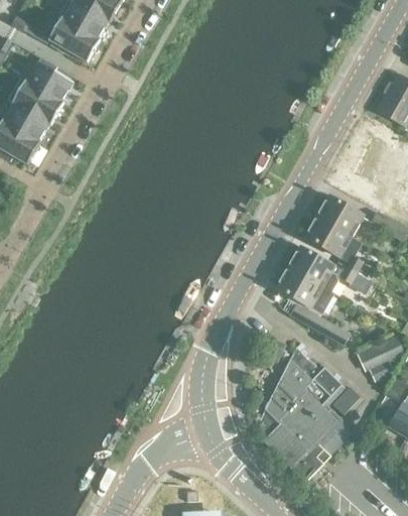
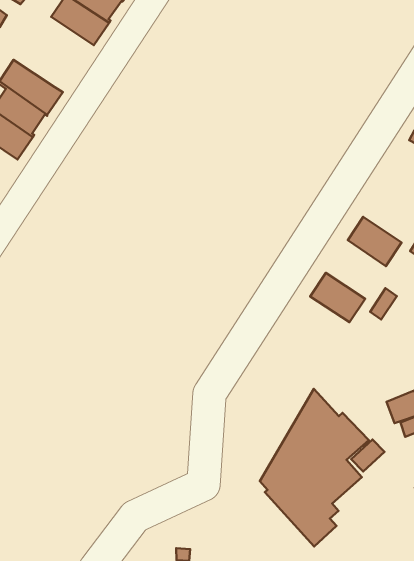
building: [19,58,74,104] -> none
building: [305,216,352,256] -> none
building: [276,266,350,345] -> none

